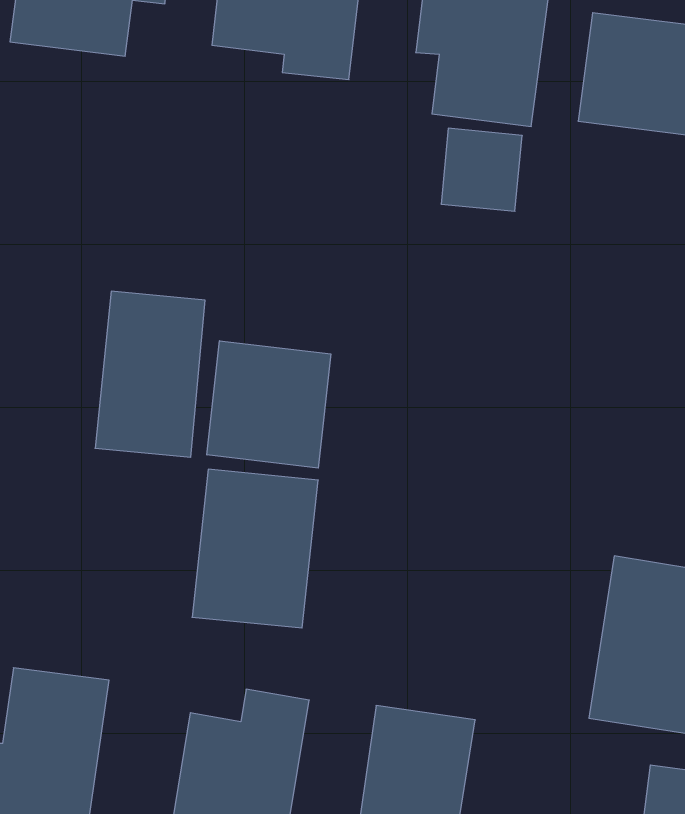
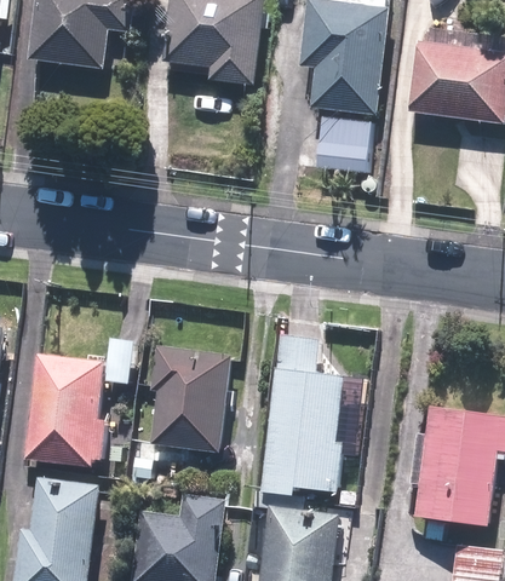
building: [95,291,205,457] -> [30,352,104,464]
building: [207,341,331,468] -> none
building: none -> [260,334,350,495]

